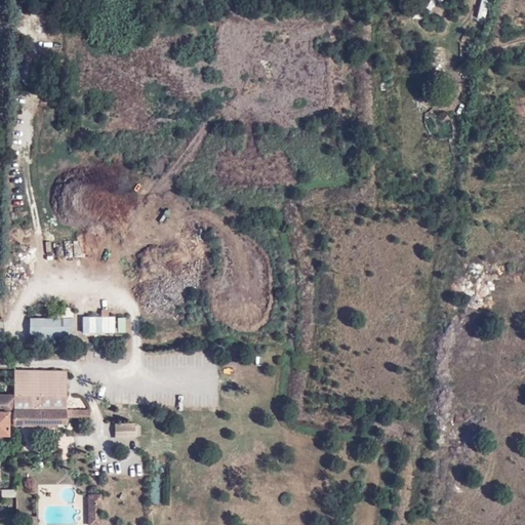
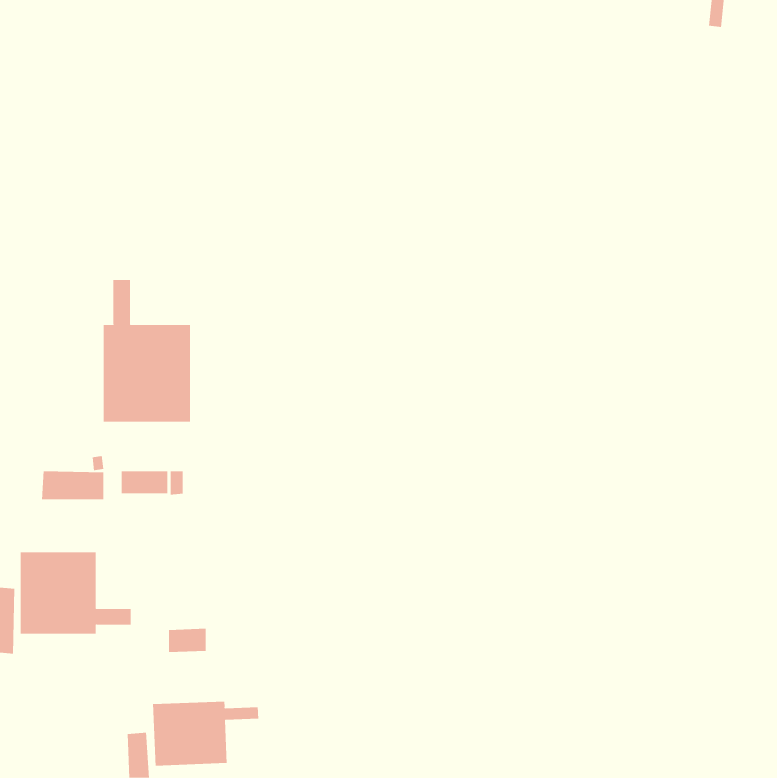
building: none -> [103,279,190,422]
building: none -> [153,701,259,766]

